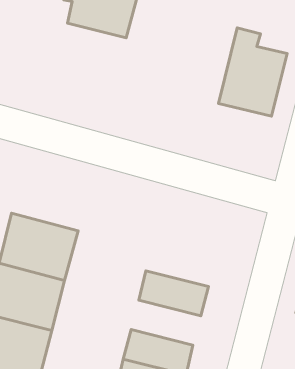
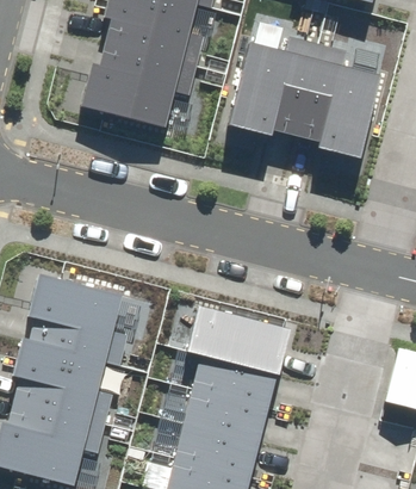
building: none -> [228,42,315,141]
building: none -> [81,43,180,124]
building: none -> [204,308,288,364]
building: none -> [186,380,271,435]

